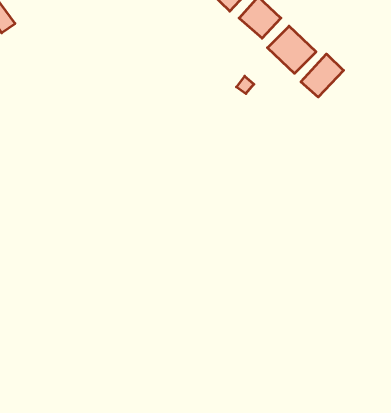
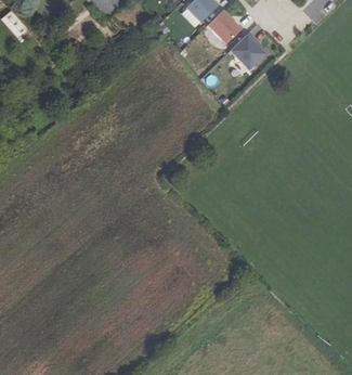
building: [301,54,344,97] -> none

